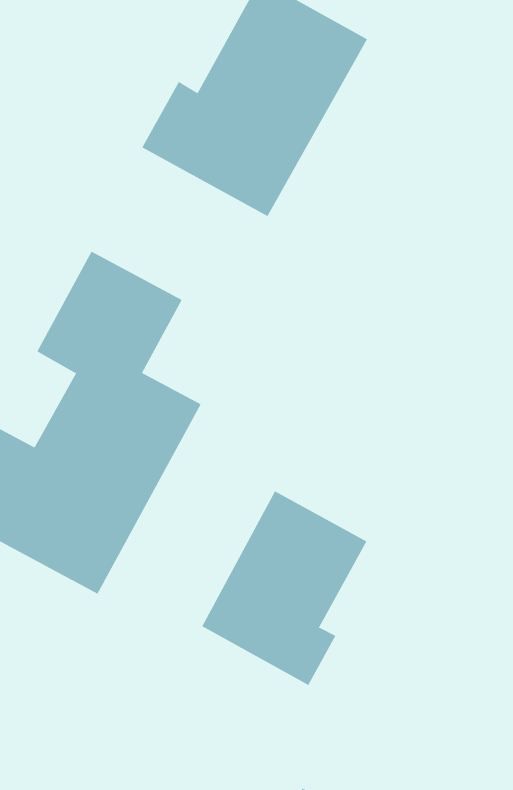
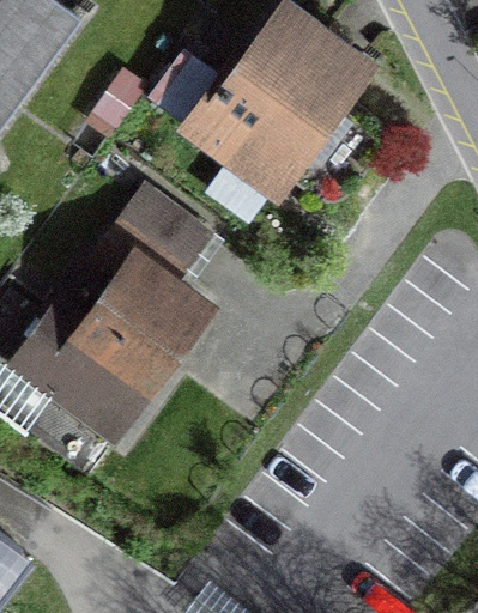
building: [201,491,367,686] -> none

